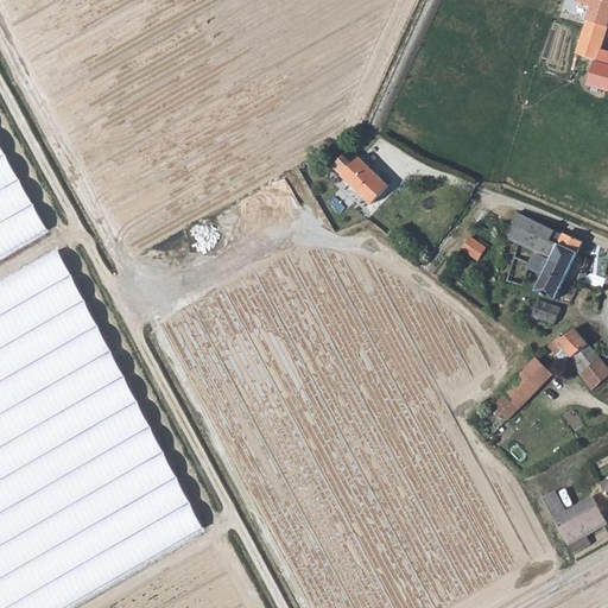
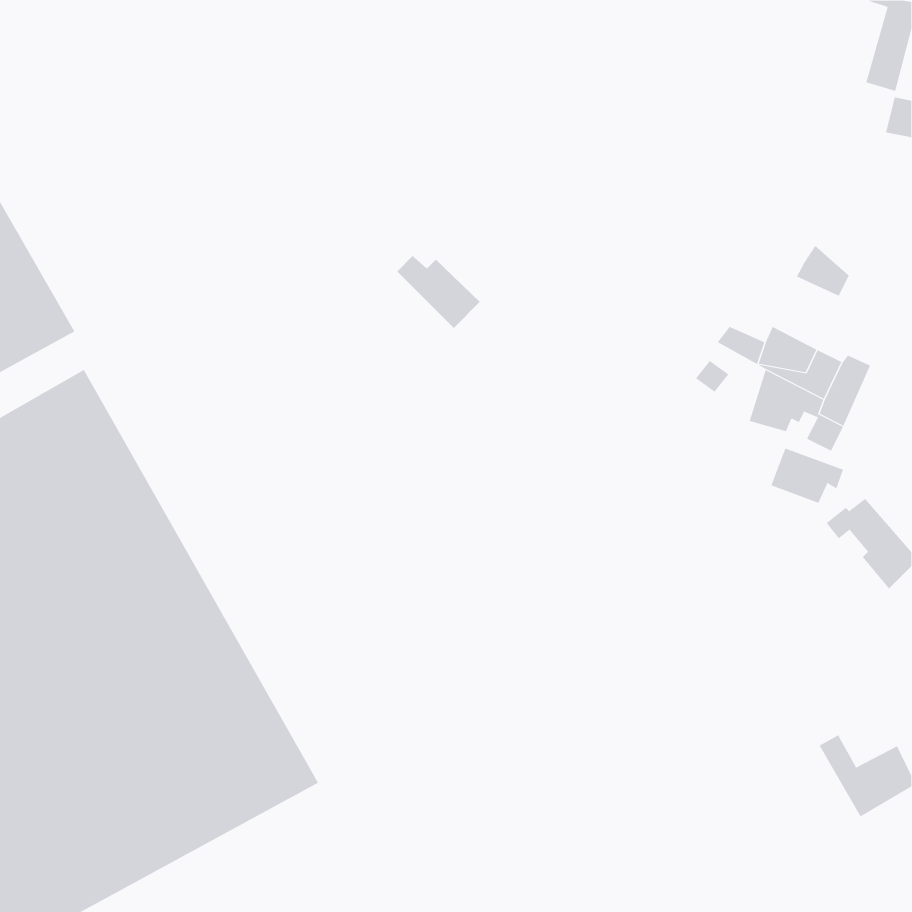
building: [334,160,390,209] -> [396,255,481,329]
building: none -> [796,245,850,296]
building: [500,363,549,412] -> none

